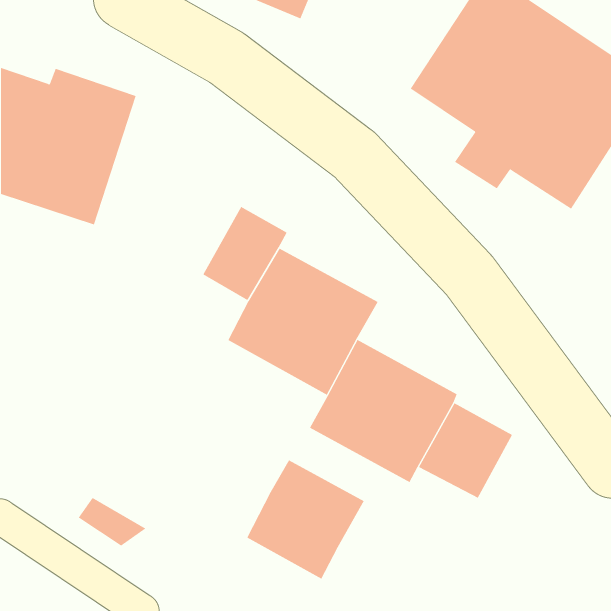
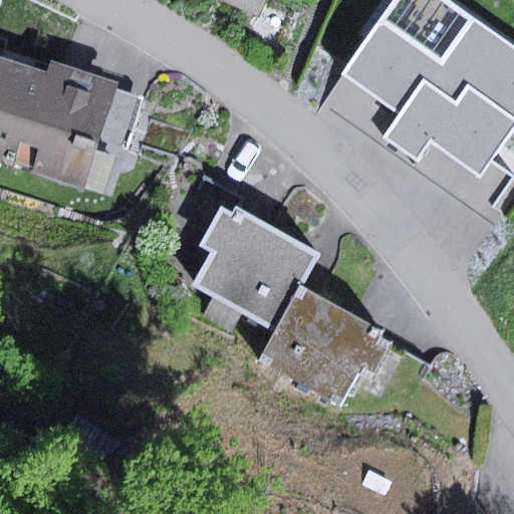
building: [247,460,365,580] -> none

